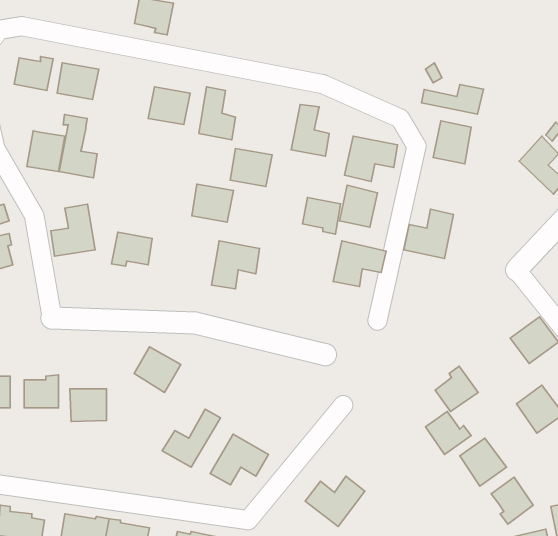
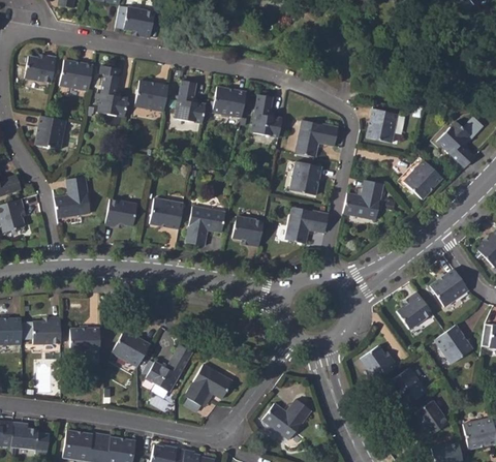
building: [421,85,483,114] -> none
building: [59,115,97,178] -> [97,65,128,117]
building: [230,148,272,186] -> [213,86,247,117]
building: [192,184,233,222] -> [150,197,184,228]
building: none -> [404,160,443,199]
building: [303,197,341,234] -> [233,216,264,246]
building: [134,347,181,392] -> [113,329,151,366]
building: [435,366,478,412] -> [398,290,433,328]

